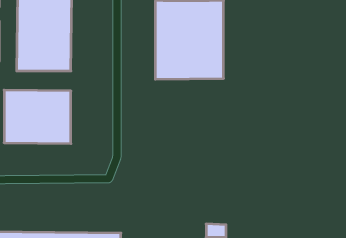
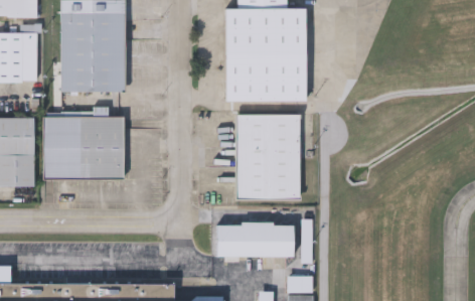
building: none -> [235,113,302,197]
building: none -> [216,227,294,258]

